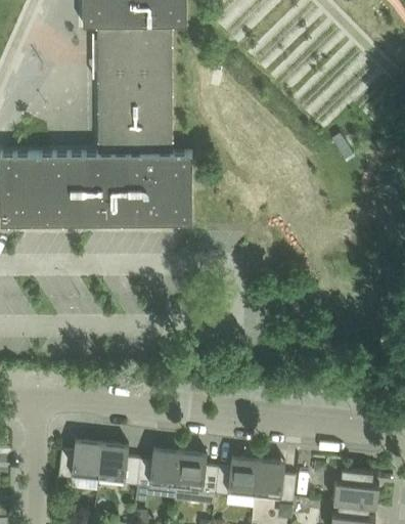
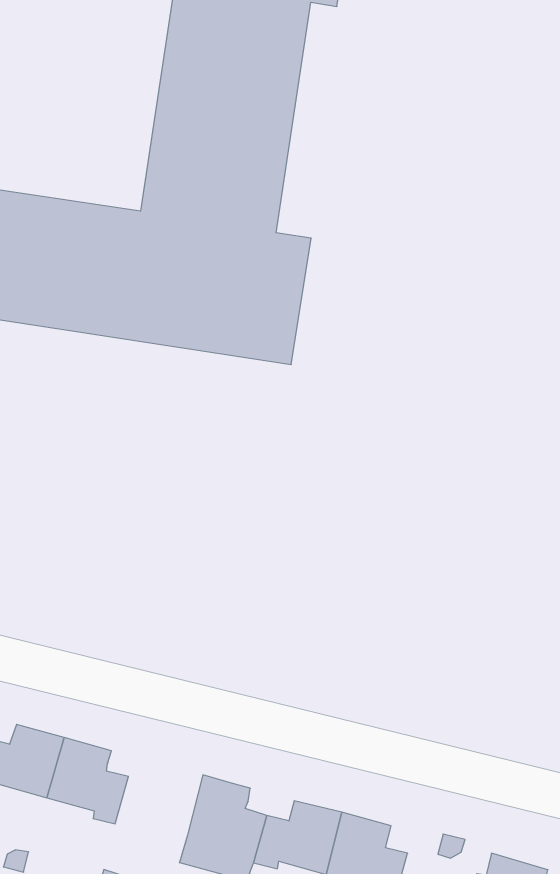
building: [136,449,179,488] -> none

